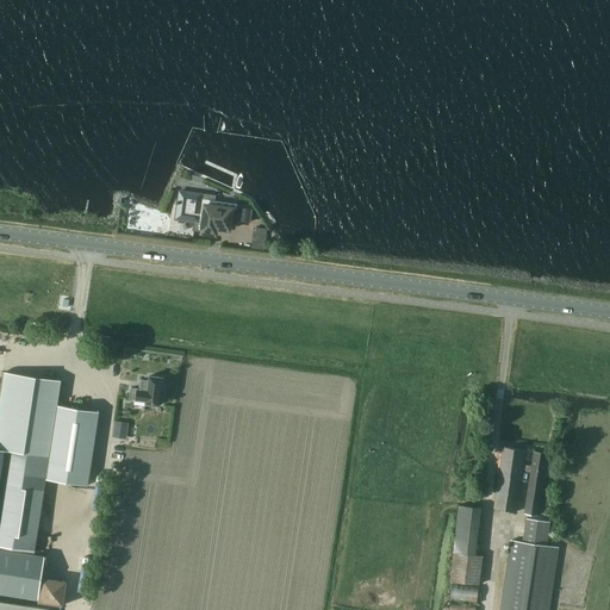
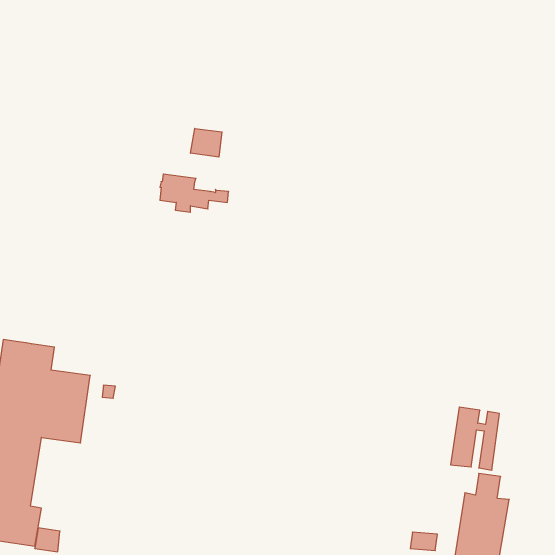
building: none -> [191,128,222,157]
building: [129,376,162,406] -> none
building: [453,504,483,584] -> none

